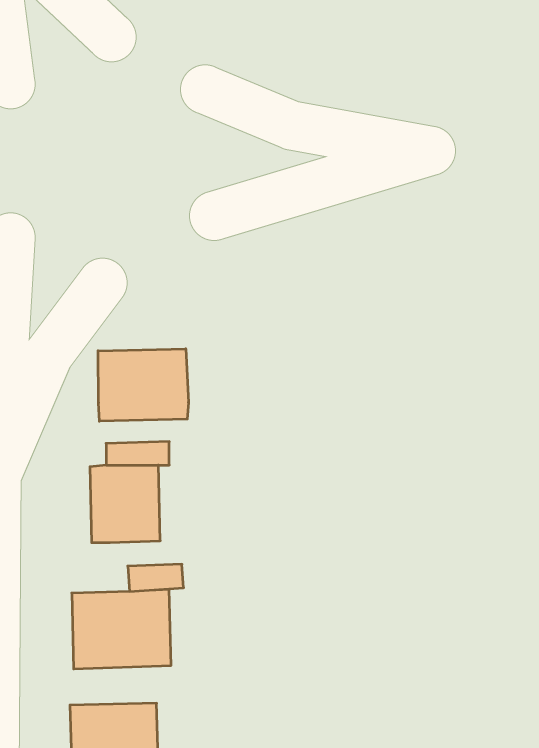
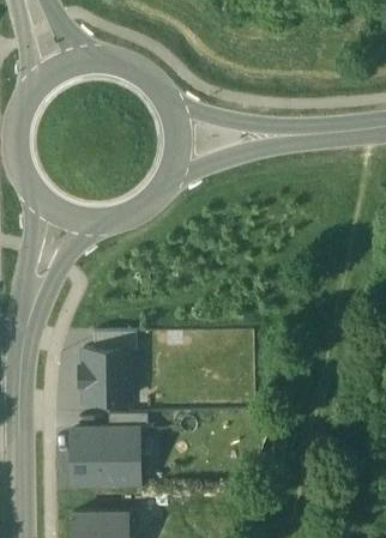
building: [98,349,188,421] -> none

